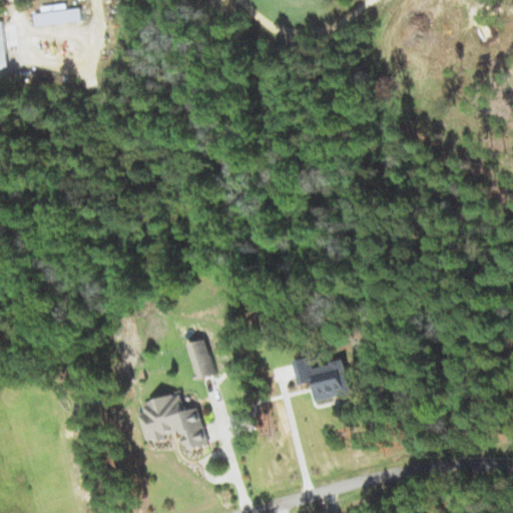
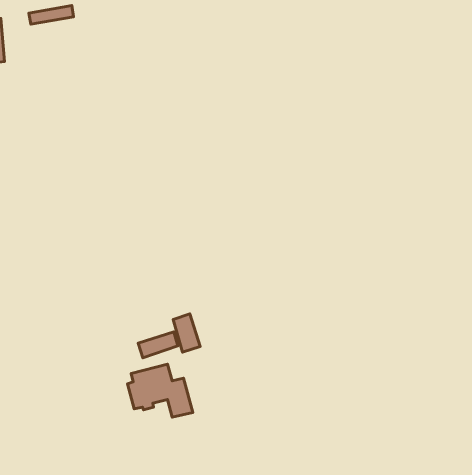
building: [293,357,351,400] -> none
building: none -> [138,332,178,358]

